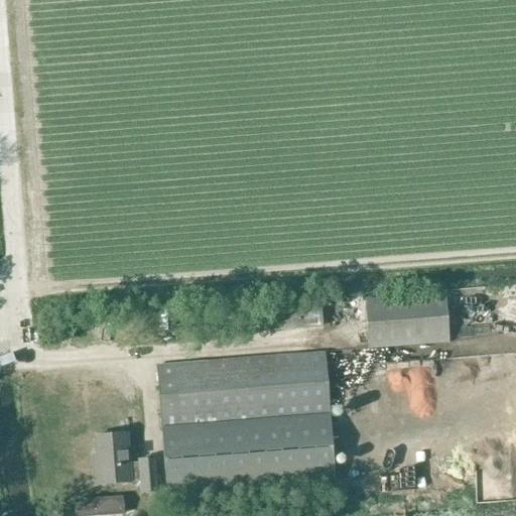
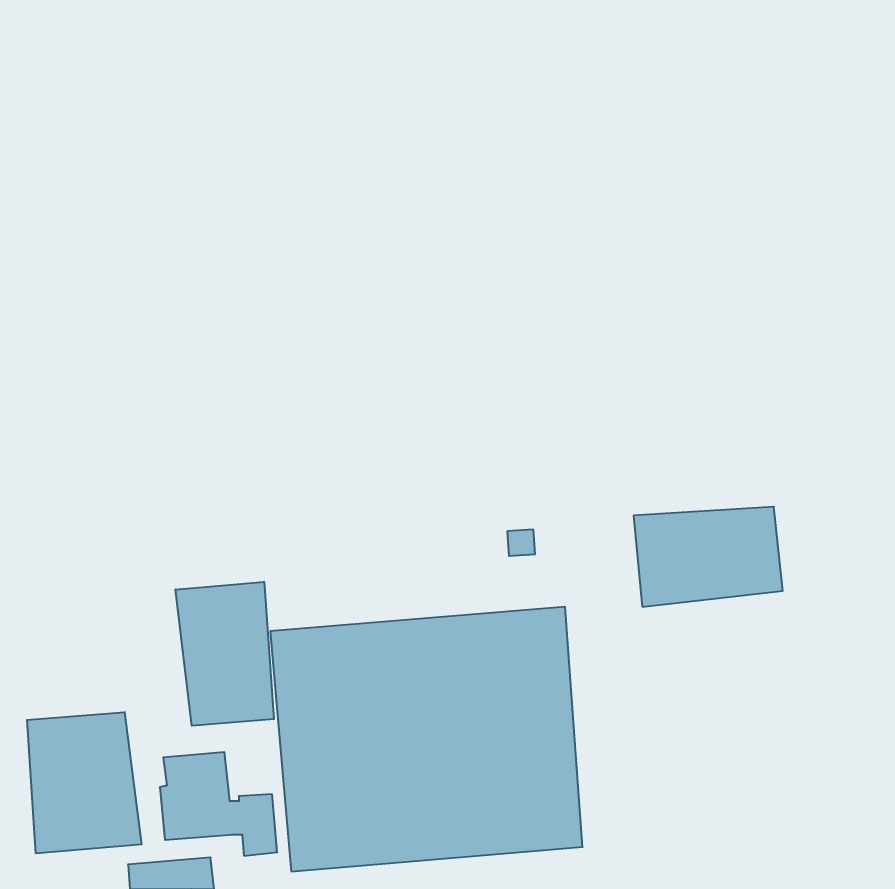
building: none -> [176,582,274,726]
building: none -> [27,712,141,853]

